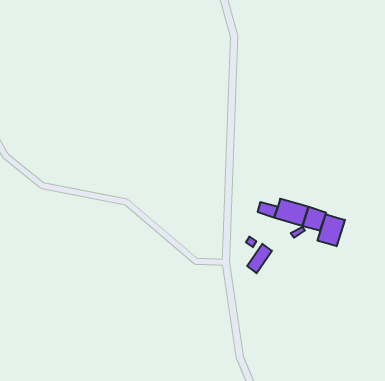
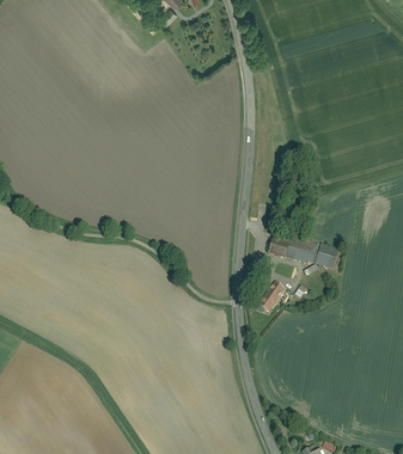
building: [318,214,345,246] -> none

